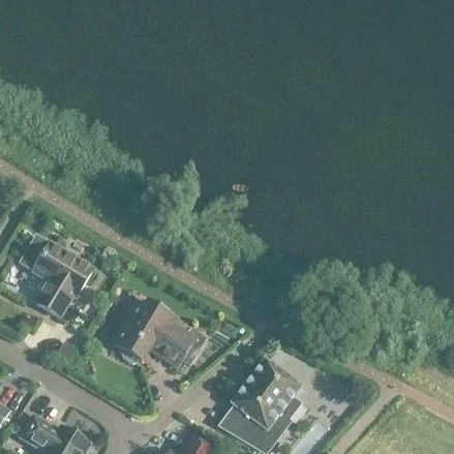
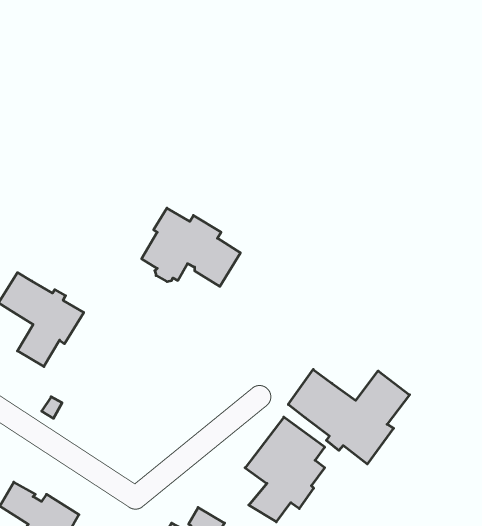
building: [111,298,195,365] -> [142,208,240,286]
building: none -> [288,369,410,464]

